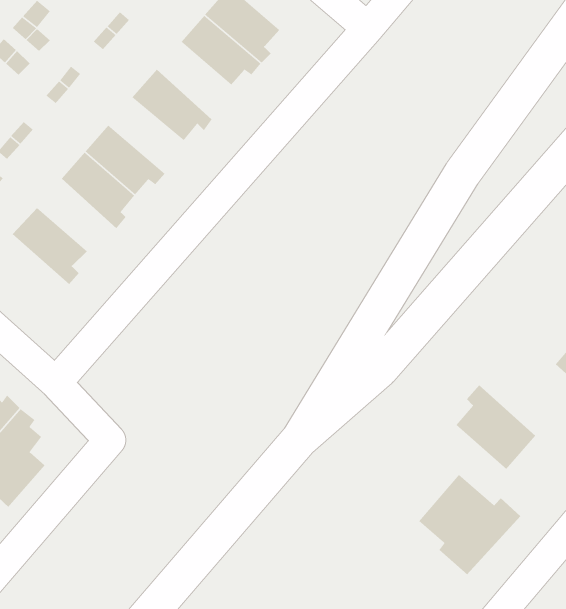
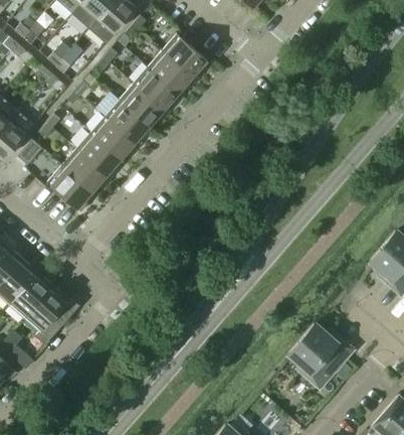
building: none -> [134,66,178,113]
building: none -> [105,100,150,145]
building: none -> [62,148,110,191]
building: [455,385,536,470] -> none

